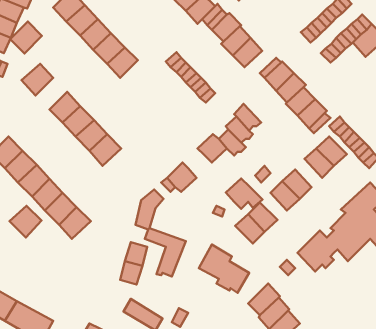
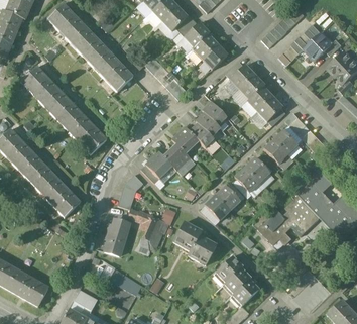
building: [10,22,42,53] -> [32,79,60,106]
building: none -> [105,64,132,91]
building: [226,178,262,209] -> [163,144,195,171]
building: [10,206,42,237] -> none

